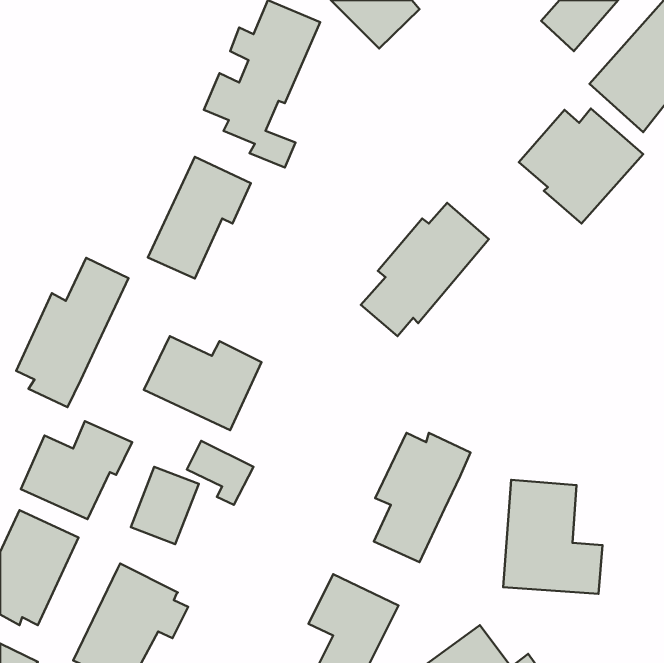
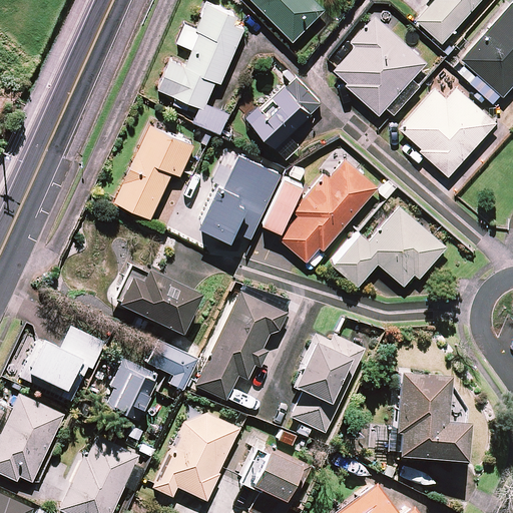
building: none -> [334,18,432,115]
building: none -> [249,76,322,159]
building: none -> [193,153,282,237]
building: none -> [264,176,304,231]
building: [16,258,129,407] -> none
building: none -> [334,206,447,286]
building: none -> [194,292,287,402]
building: none -> [153,413,237,501]

